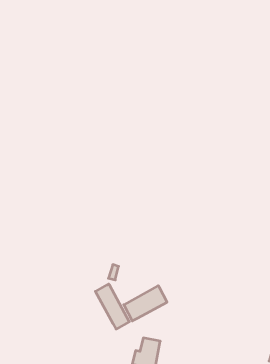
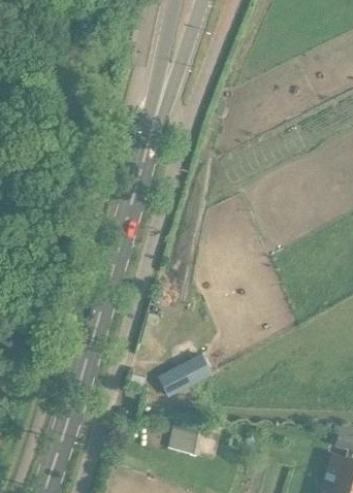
building: [95,284,129,329] -> none

